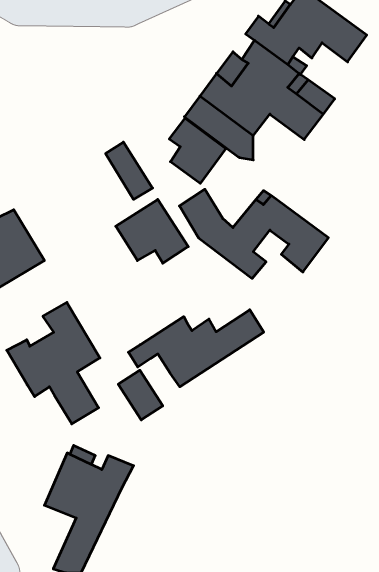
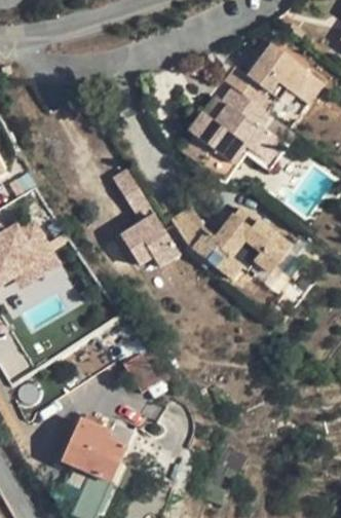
building: [169,118,226,183] -> none
building: [7,302,100,424] -> none
building: [128,310,264,387] -> none

